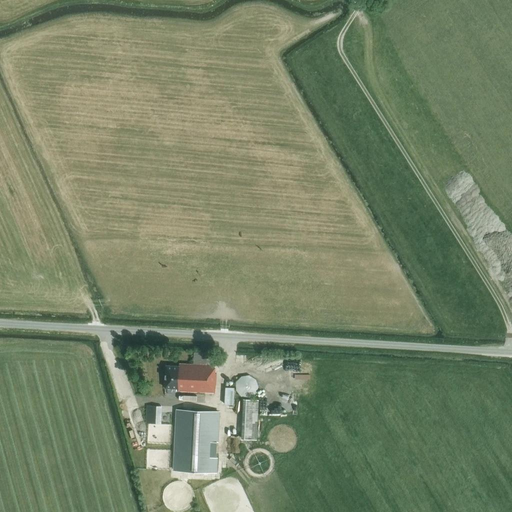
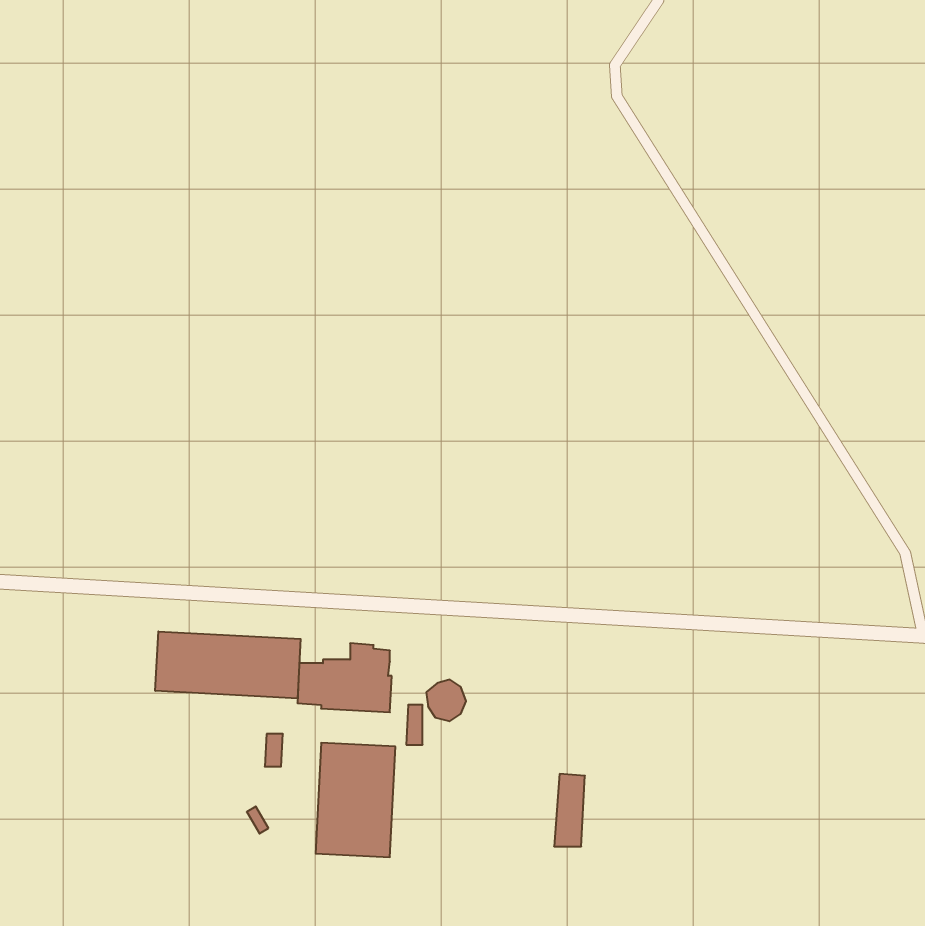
building: none -> [155,631,301,698]
building: [240,399,257,439] -> [554,774,585,846]

